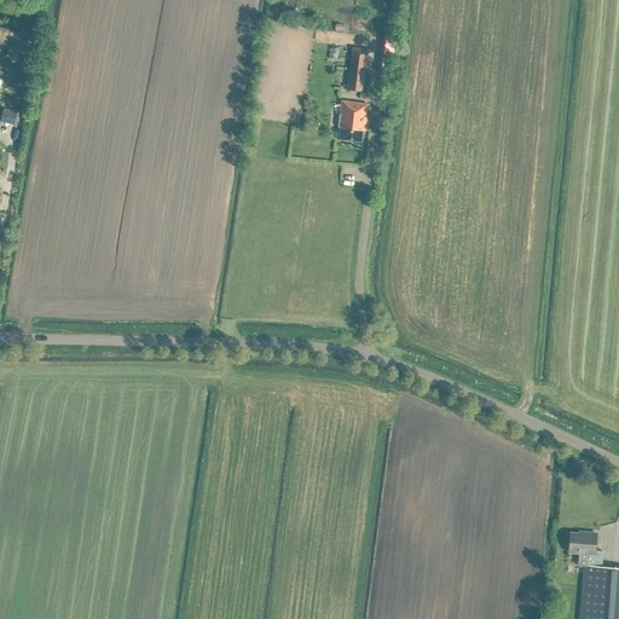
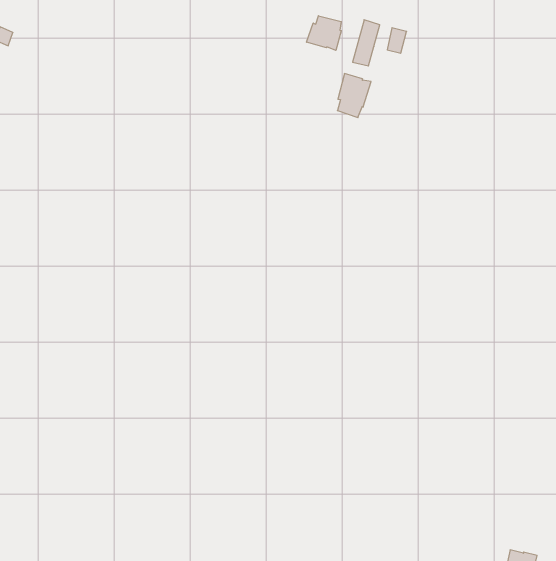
building: none -> [307,16,341,50]

